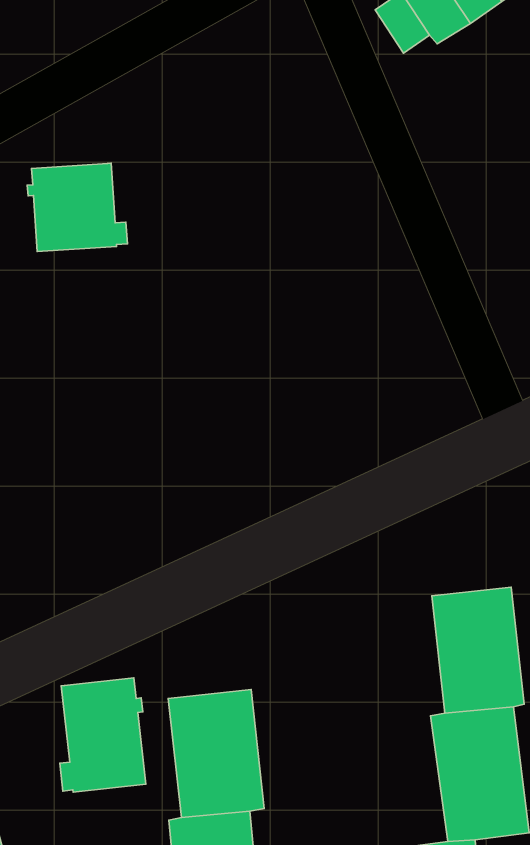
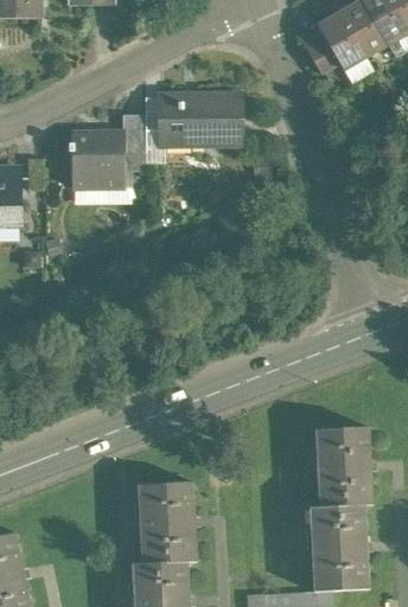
building: none -> [159,94,241,147]
building: none -> [121,115,145,172]
building: [60,678,146,792] -> none

